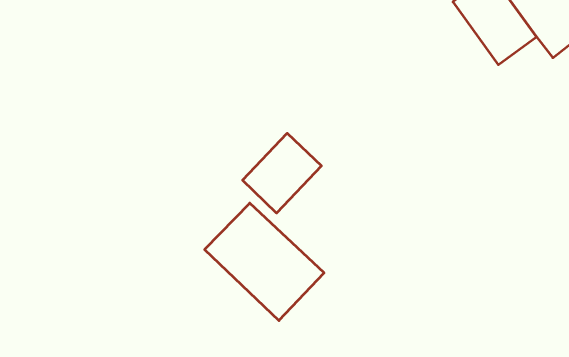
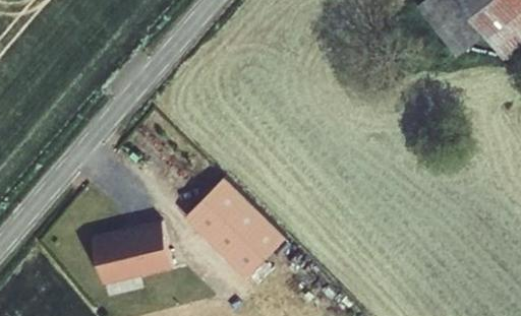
building: [243,133,321,213] -> none
building: none -> [100,220,181,286]

